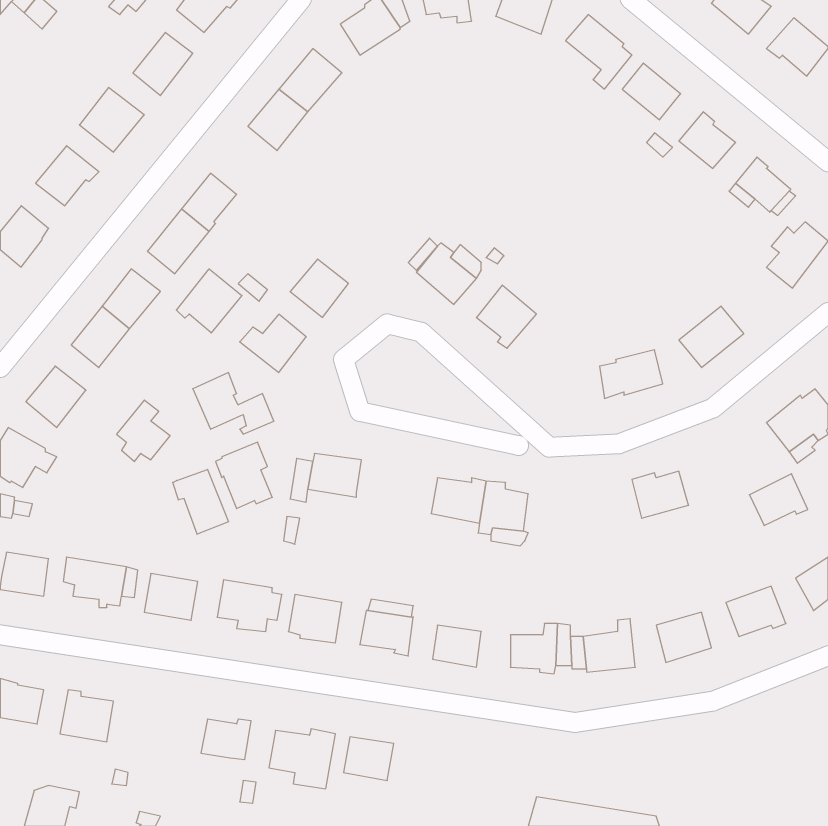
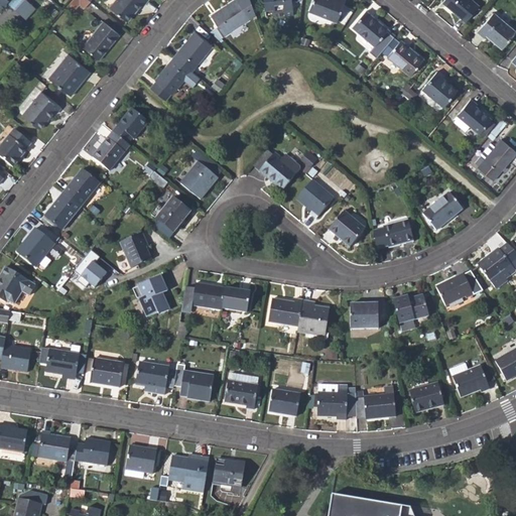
building: [176,269,242,333] -> none
building: none -> [328,210,365,245]
building: none -> [222,286,250,310]
building: [173,469,228,534] -> none
building: [749,474,808,526] -> [436,272,473,304]
building: none -> [350,302,378,329]
building: none -> [75,437,110,465]

